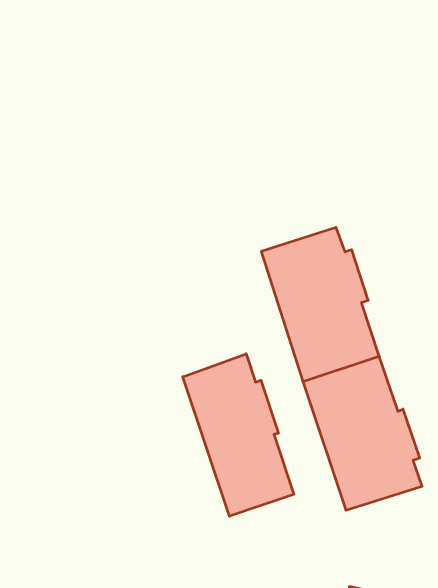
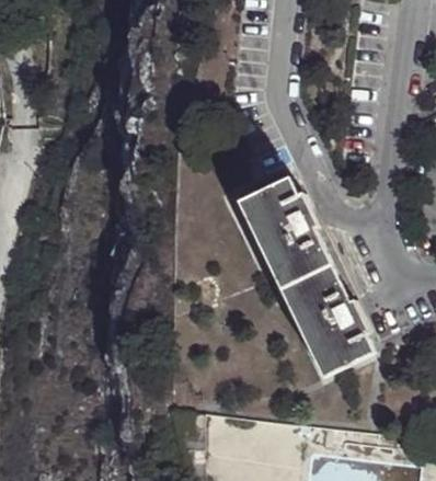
building: [183,354,294,516] -> none

